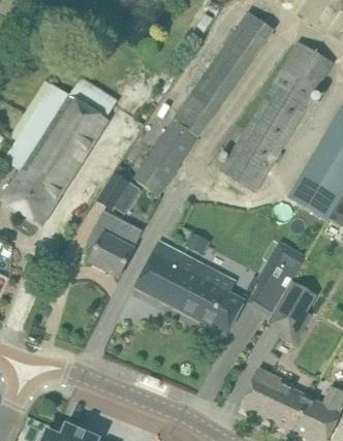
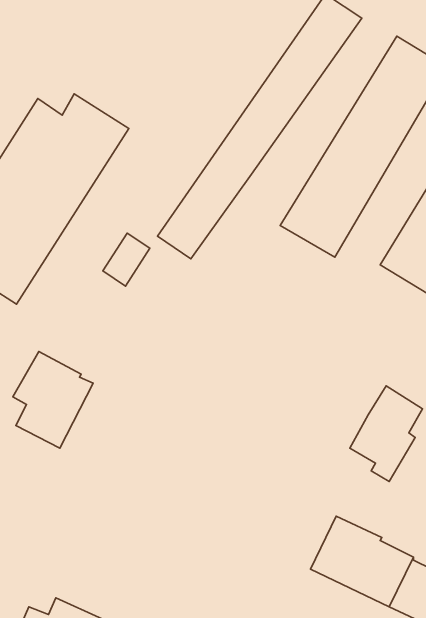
building: [87,211,142,277] -> [13,351,93,448]
building: [135,240,244,334] -> none
building: [250,249,305,300] -> none

